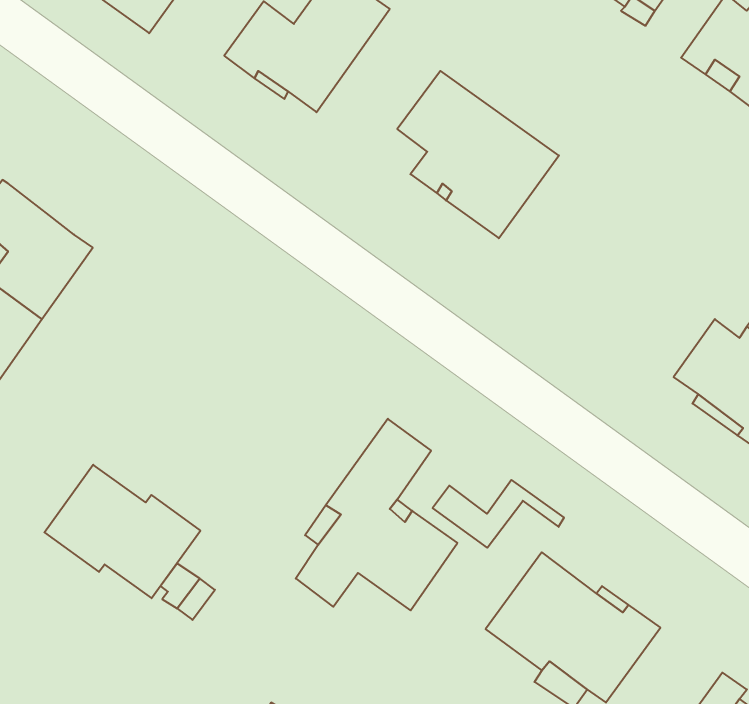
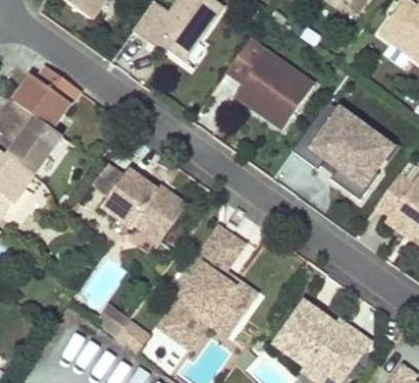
building: none -> [14,66,78,127]
building: none -> [293,99,400,200]
building: [44,465,200,598] -> [103,169,188,241]
building: [433,480,564,548] -> [161,311,232,347]

